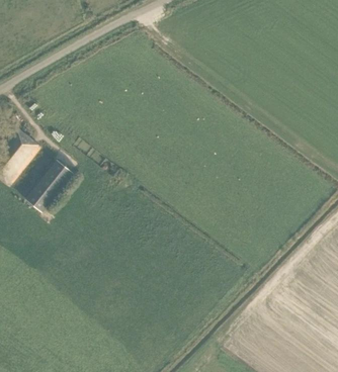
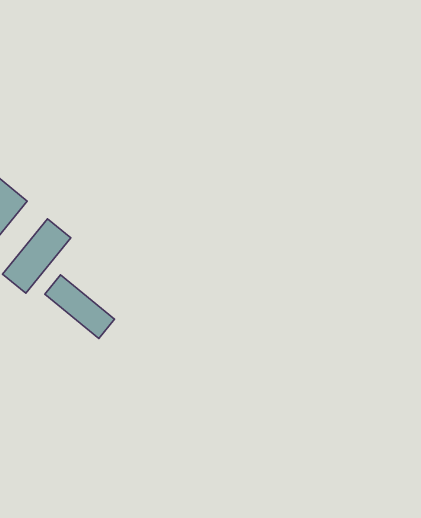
building: none -> [45,275,115,338]

